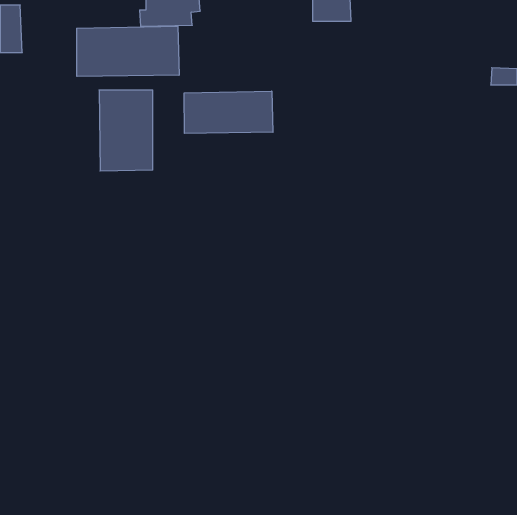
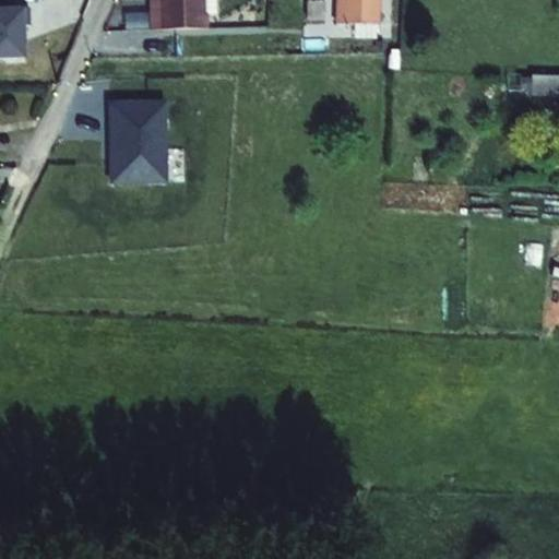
building: [77,26,179,76] -> none
building: [184,91,273,133] -> none

